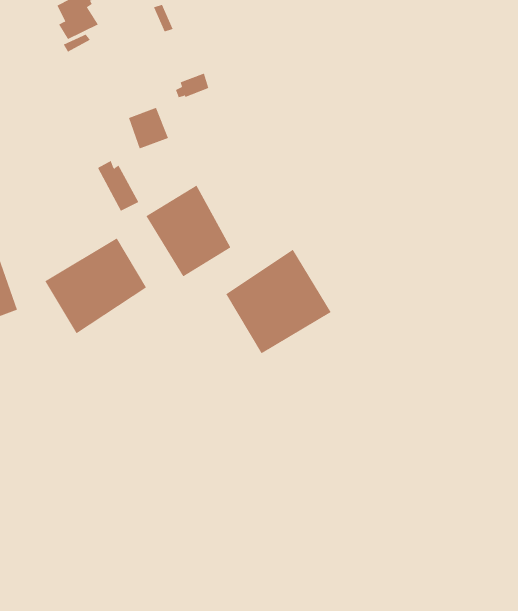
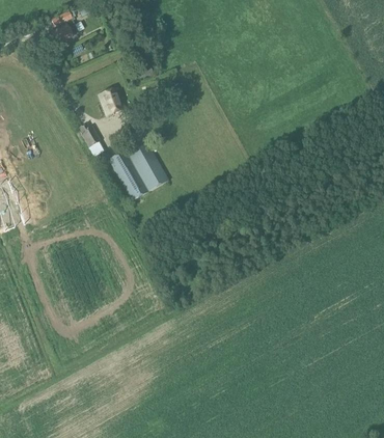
building: [44,238,147,334] -> none
building: [225,249,332,354] -> none

